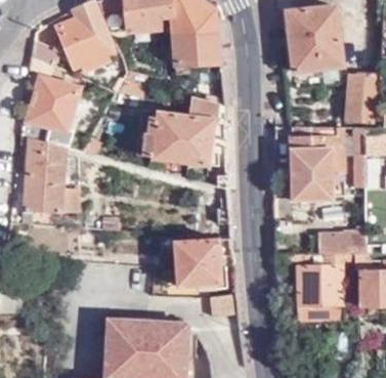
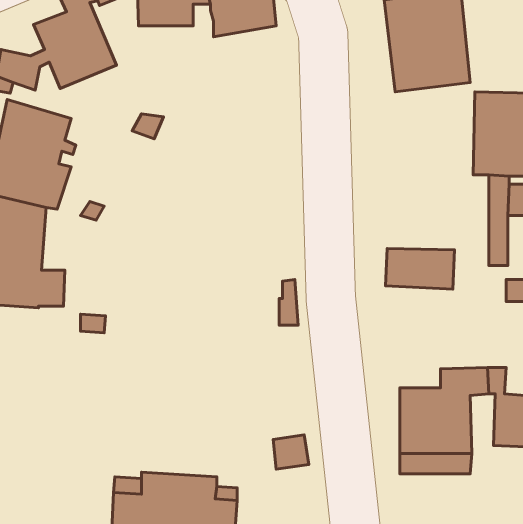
building: [174,28,219,66] -> none
building: [149,93,219,163] -> none
building: [288,124,344,175] -> none
building: [316,223,366,252] -> none
building: [174,238,237,288] -> none

